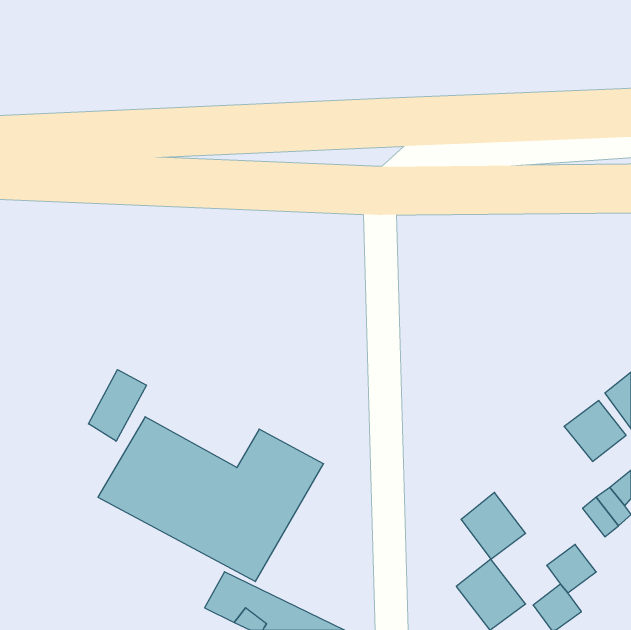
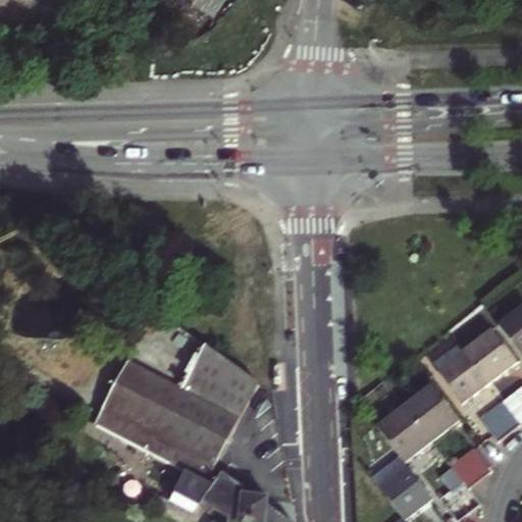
building: [88,370,146,441] -> none
building: none -> [437,351,487,401]
building: none -> [407,384,460,438]

